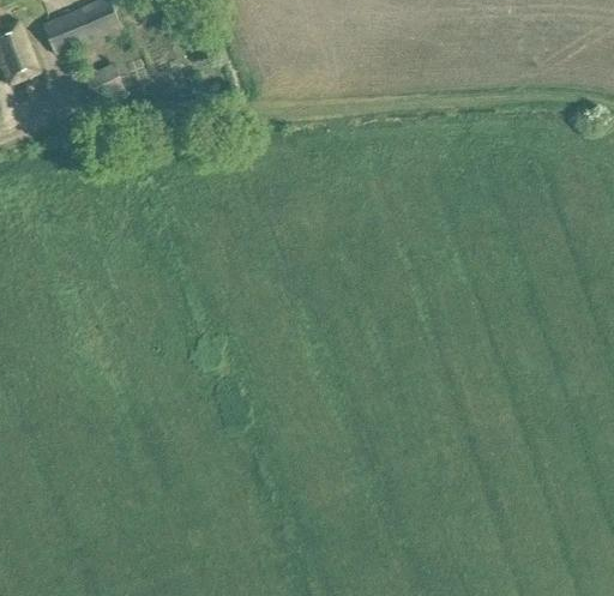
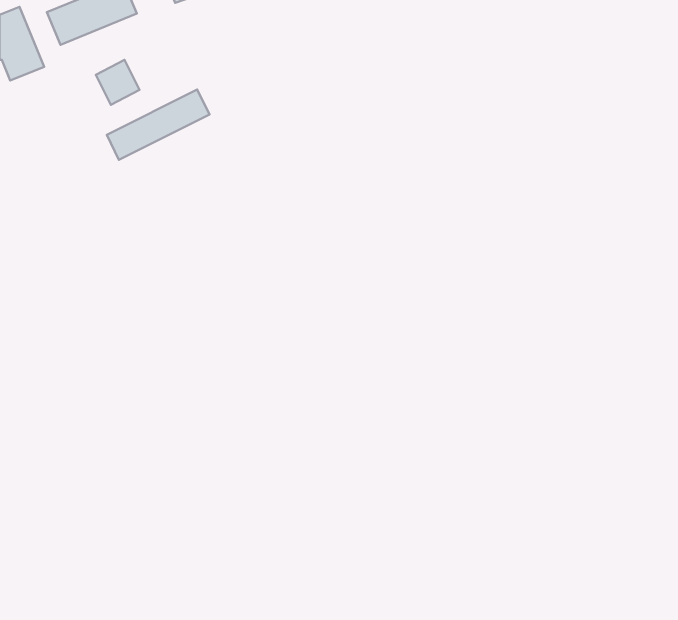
building: none -> [107,90,209,160]

